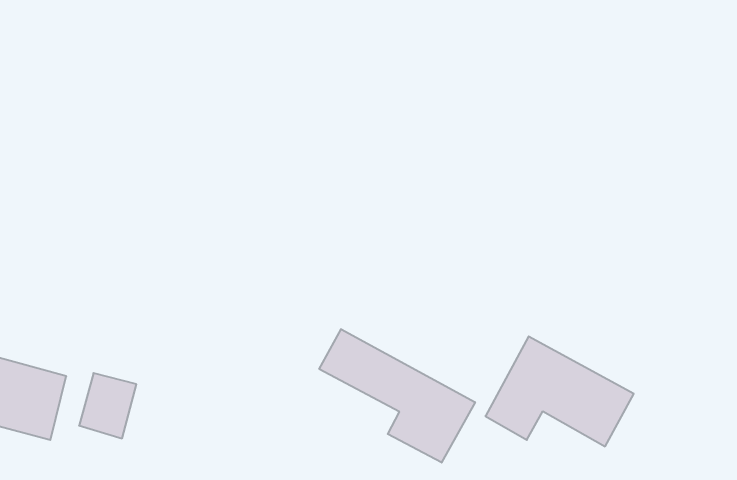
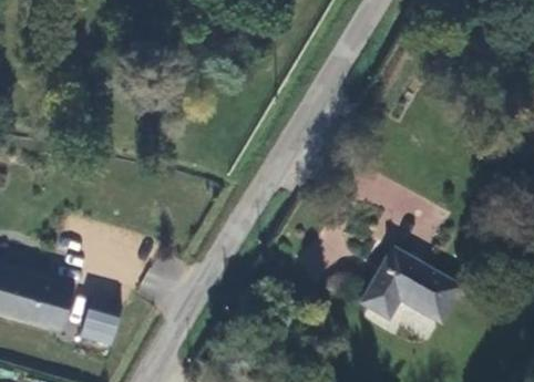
building: [319,329,475,463] -> none

